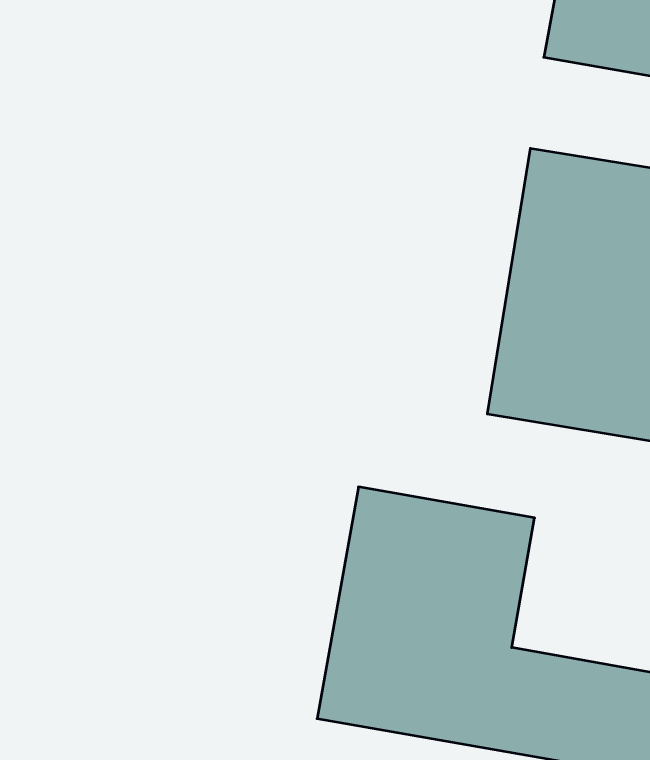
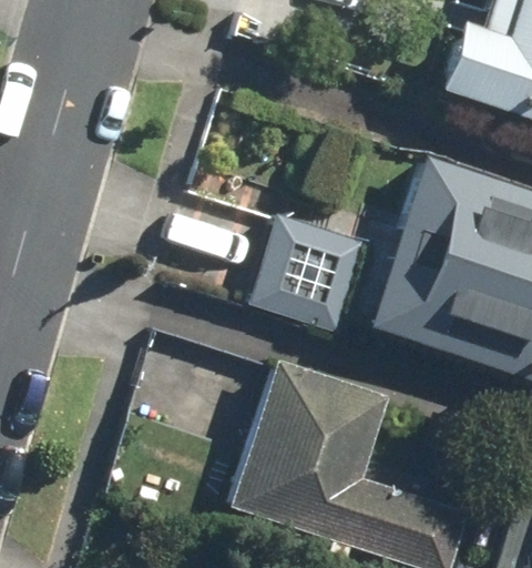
building: none -> [244,227,350,325]

